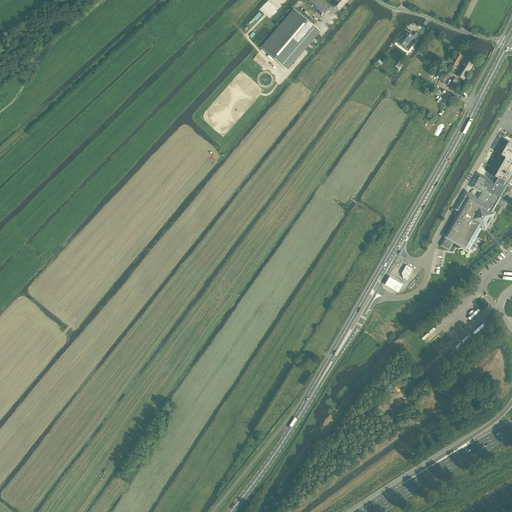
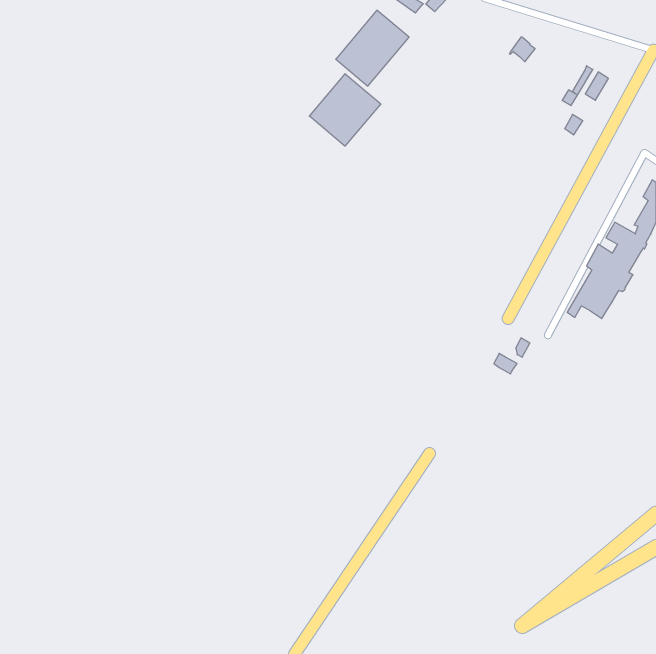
building: none -> [309,74,381,146]

